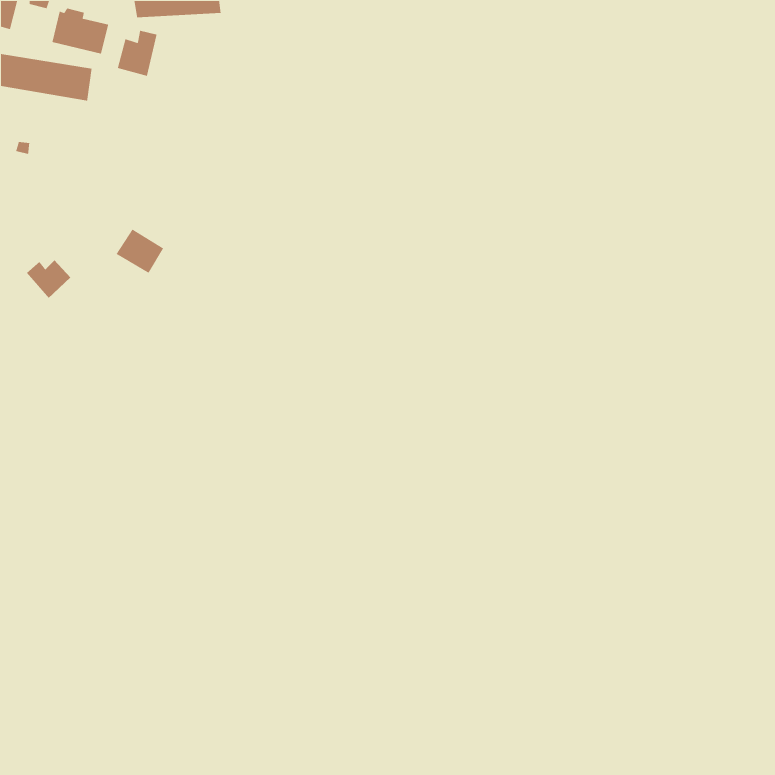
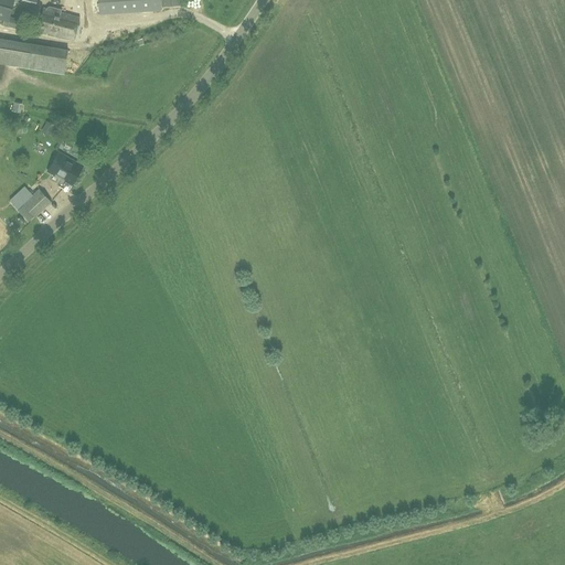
building: [117,30,158,77] -> none
building: [116,228,164,274] -> [47,152,83,185]

